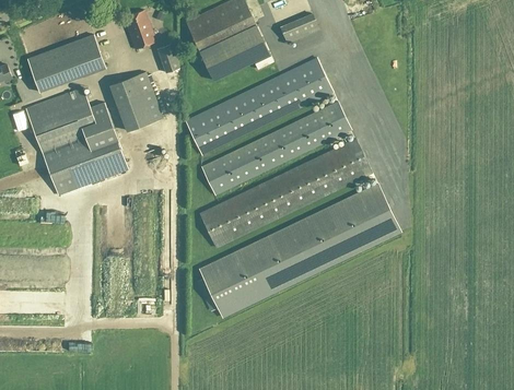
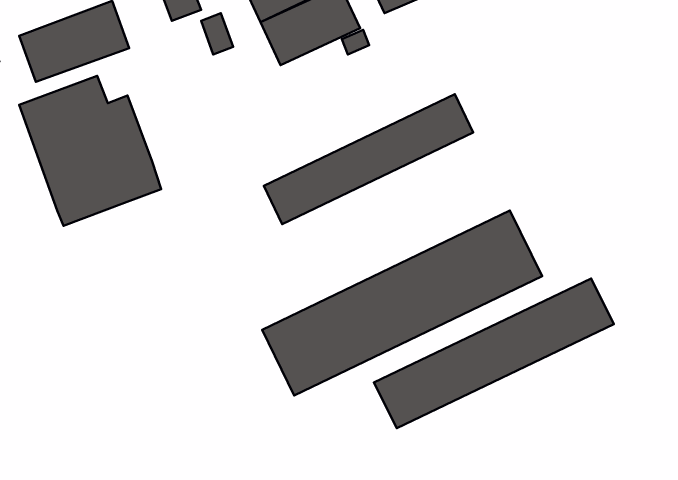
building: [185,58,331,153] -> none
building: [108,71,162,130] -> none
building: [199,139,371,246] -> [374,278,614,428]

